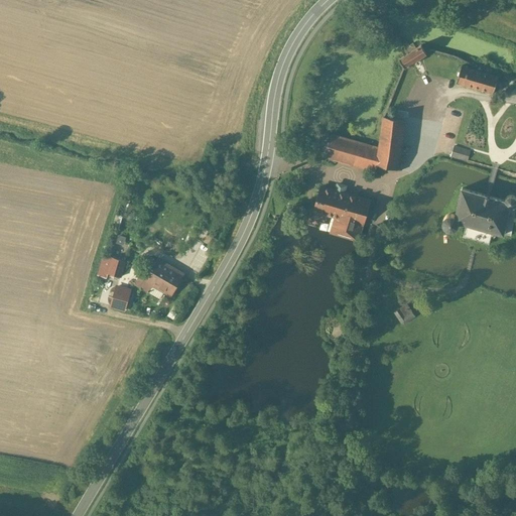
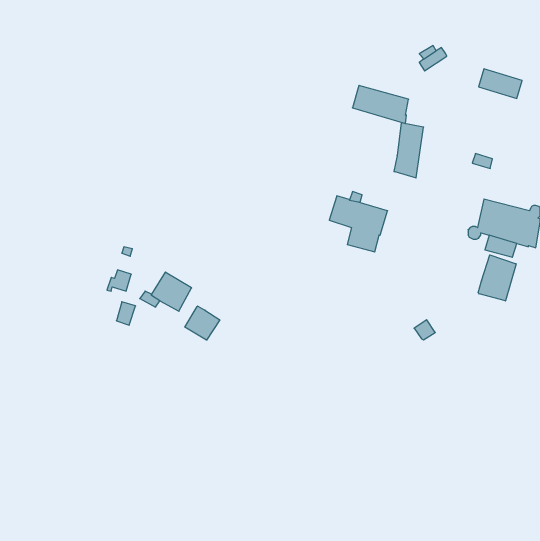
building: [325,135,378,171] -> [352,85,409,124]
building: none -> [478,255,516,301]
building: none -> [185,306,220,340]

